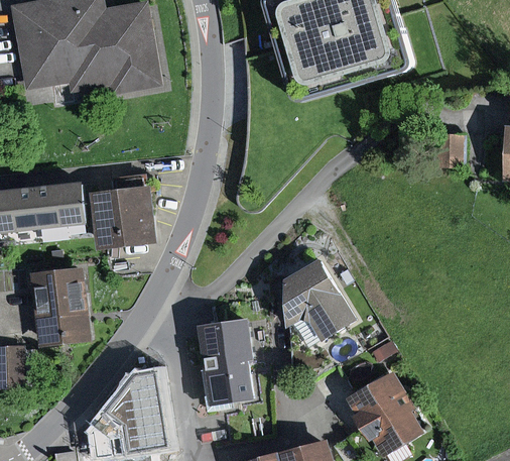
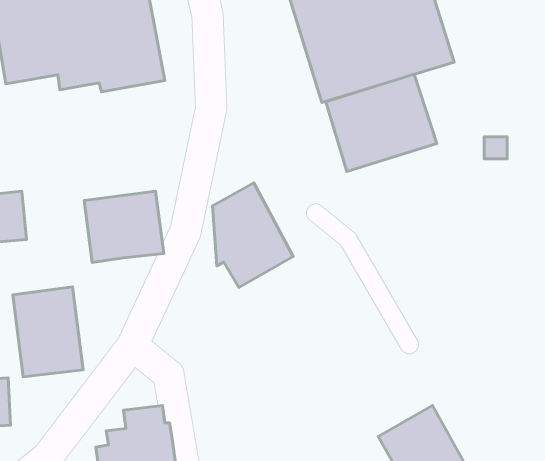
building: none -> [326,74,437,172]
building: [35,179,87,226] -> none
building: [282,258,353,350] -> [212,183,293,288]
building: [199,317,254,407] -> none

